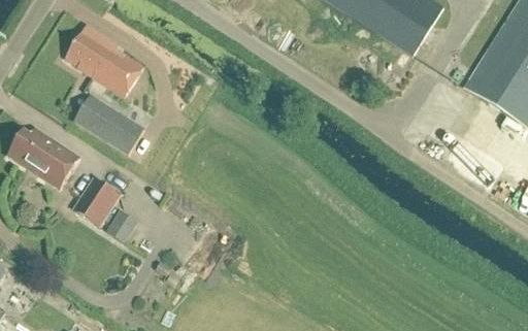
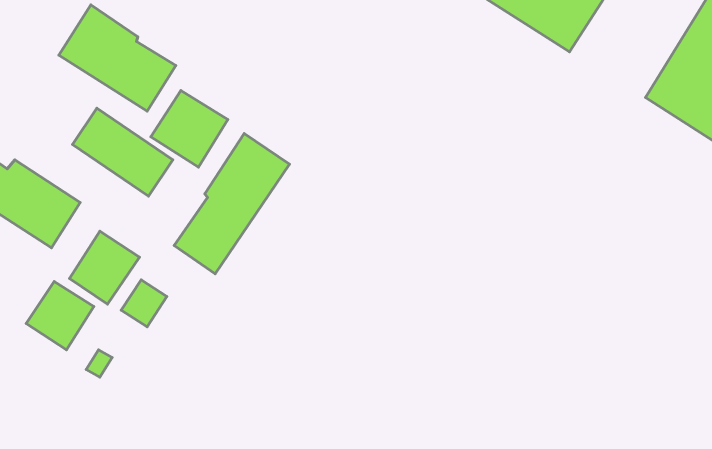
building: none -> [151,91,228,167]
building: none -> [174,133,290,274]
building: none -> [26,281,94,350]

